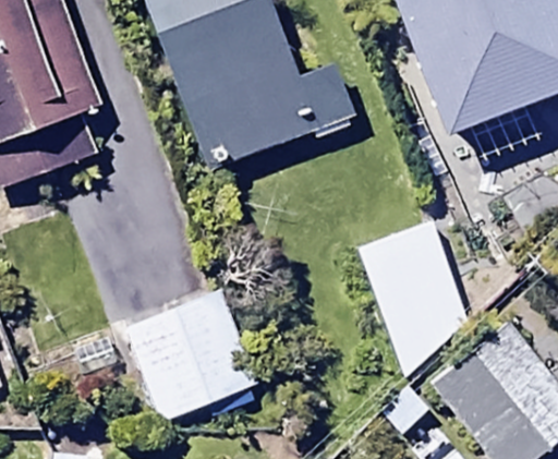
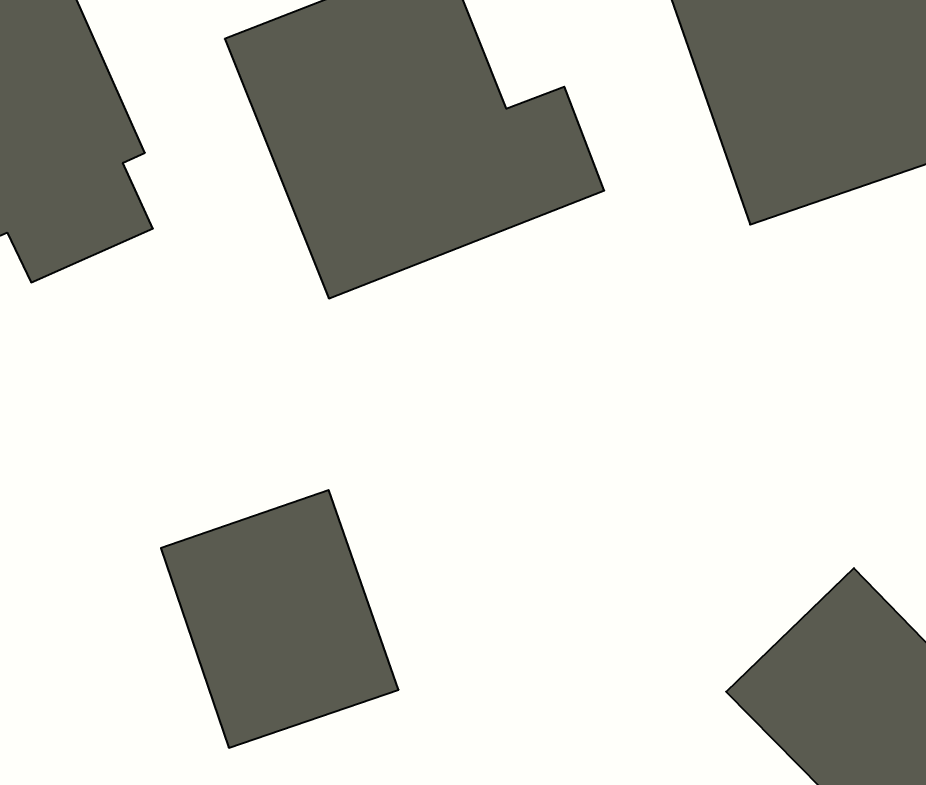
building: [360,225,480,355] -> none

